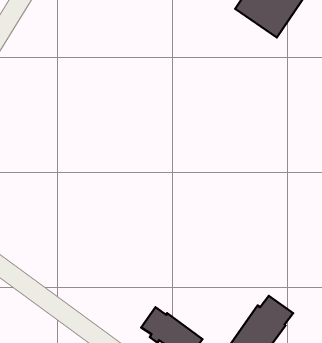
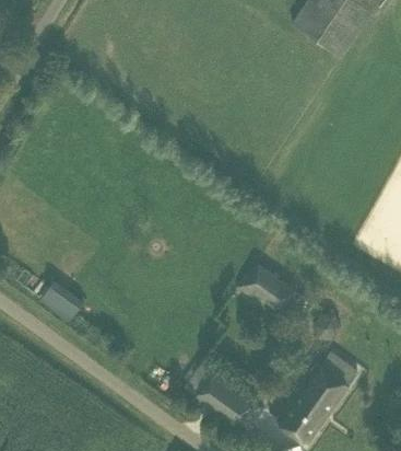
building: none -> [239,264,290,304]
building: none -> [43,284,85,325]

